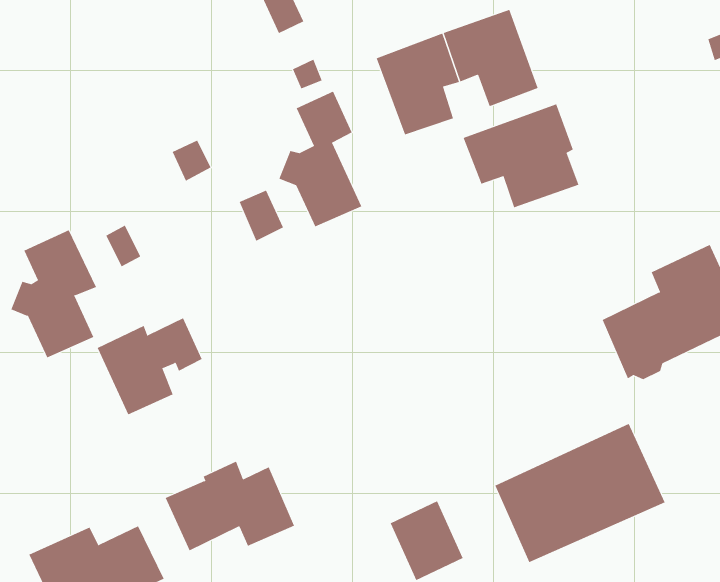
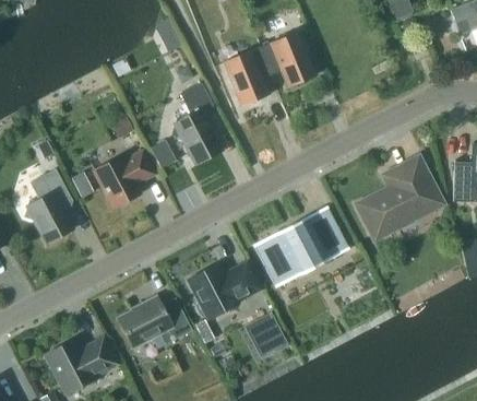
building: [463,103,579,208] -> none
building: [97,317,202,415] -> [94,151,154,208]
building: none -> [189,263,259,319]
building: [494,423,666,563] -> [252,205,349,287]

